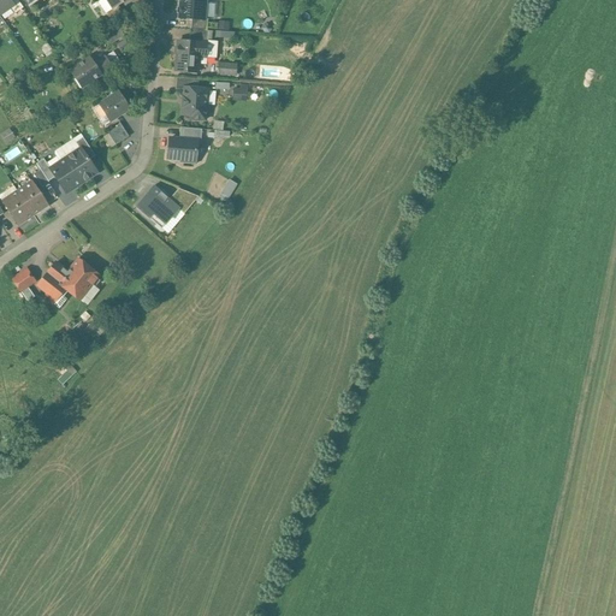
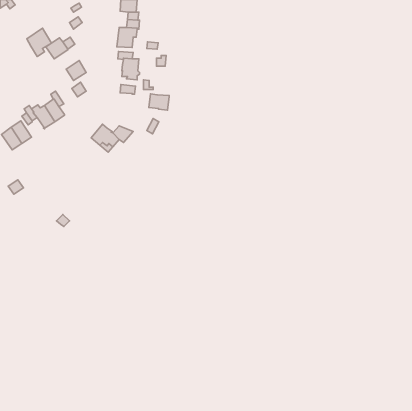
building: none -> [27,28,51,56]
building: [167,137,197,161] -> [149,94,169,110]
building: [37,257,99,302] -> none

